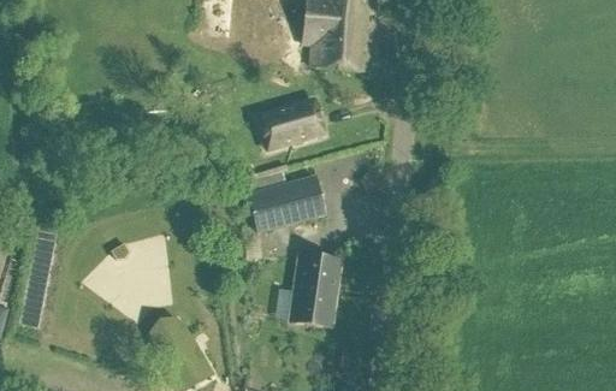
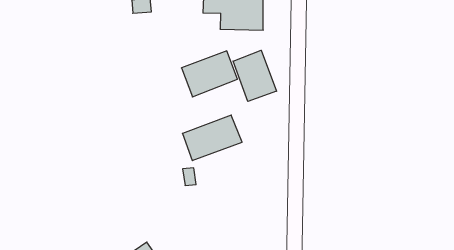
building: none -> [233,50,277,101]
building: [292,251,340,324] -> none

